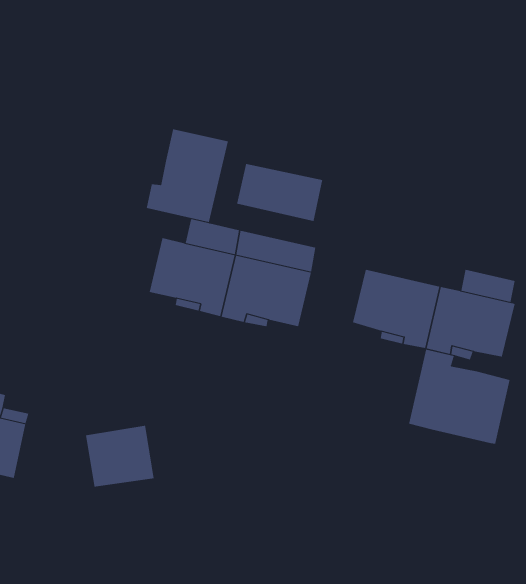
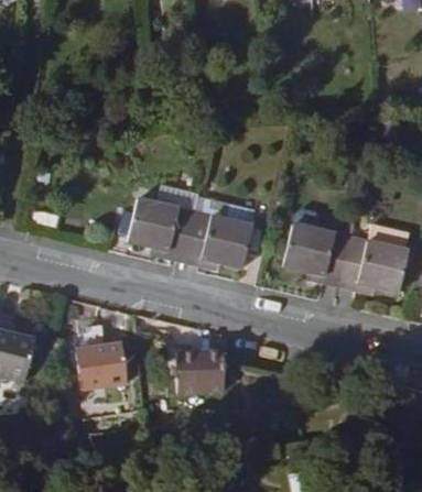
building: [146,128,229,223] -> none
building: [236,163,323,222] -> none
building: [408,349,510,445] -> none
building: none -> [175,352,227,398]

